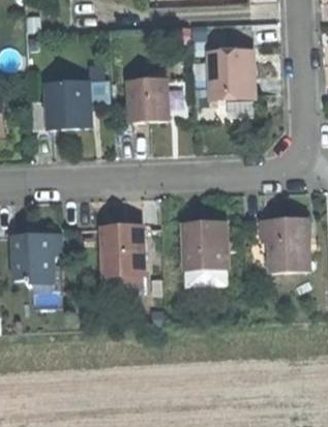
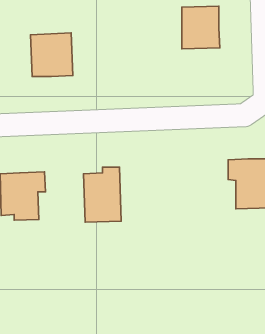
building: [127,77,168,122] -> none
building: [181,219,228,271] -> none

